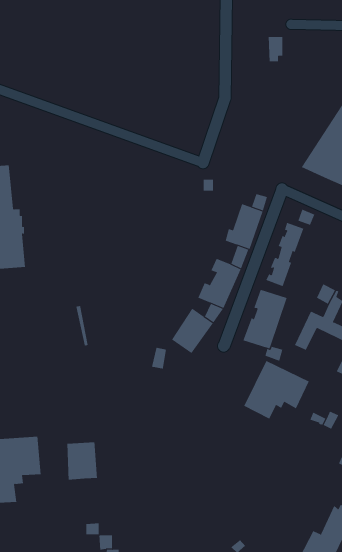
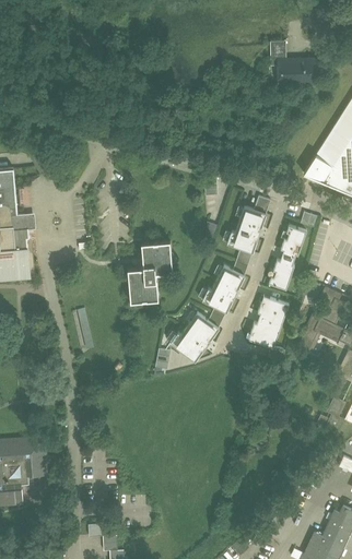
building: none -> [279,61,316,85]
building: none -> [128,243,173,302]
building: [244,360,309,419] -> none
building: [67,441,98,481] -> none

